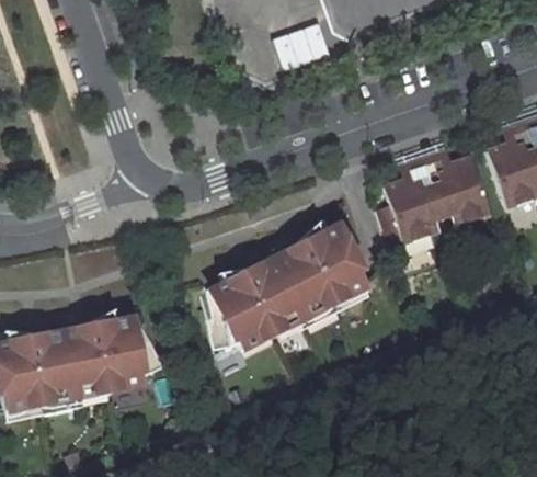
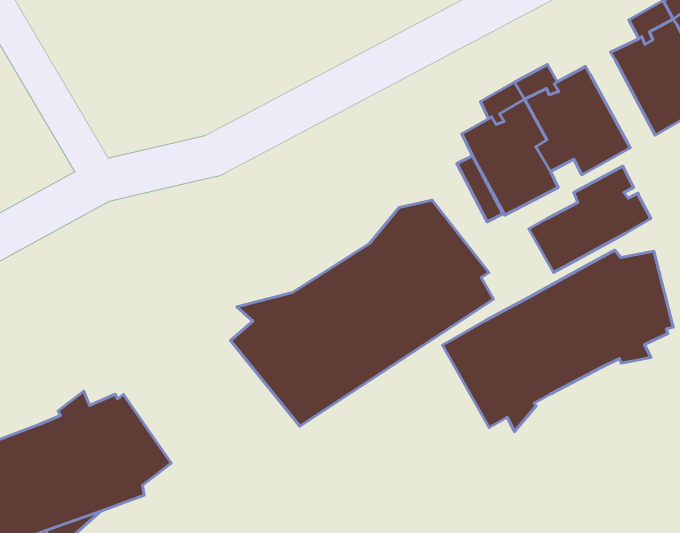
building: none -> [529,166,651,272]
building: none -> [443,250,673,431]

